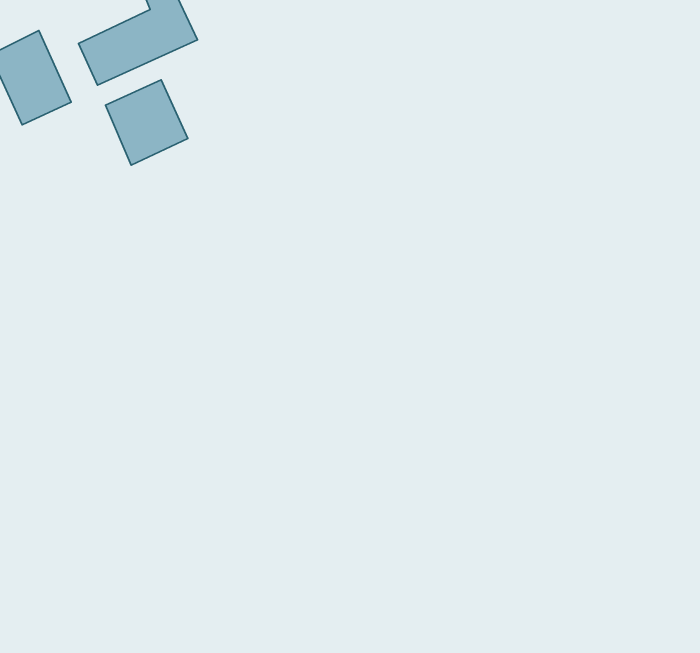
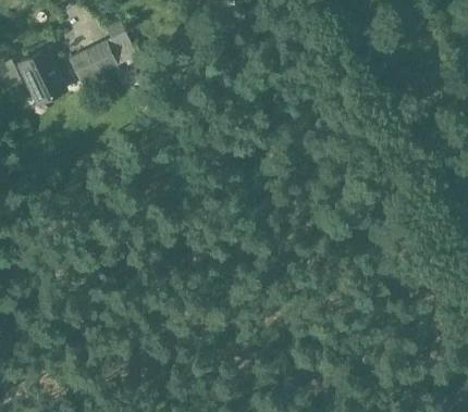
building: [105,80,188,165] -> none

